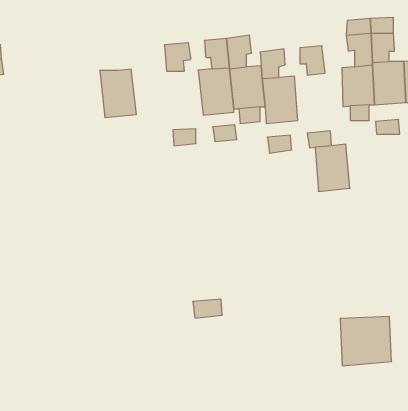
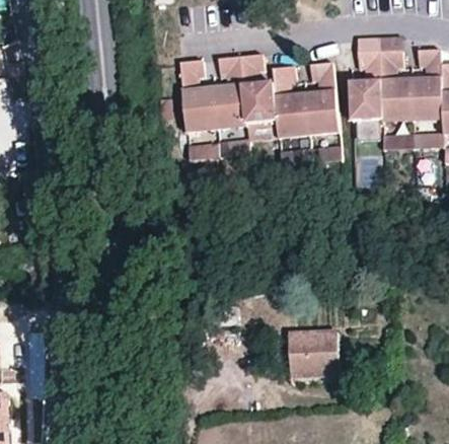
building: [100,69,136,118] -> [182,86,218,133]
building: [315,144,350,191] -> [306,89,340,135]
building: [340,316,392,366] -> [289,330,339,378]

